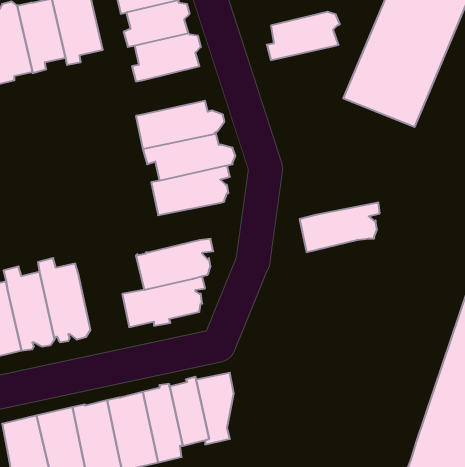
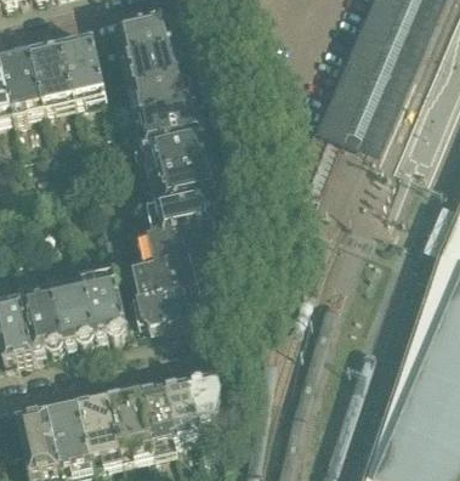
building: [267,12,340,60] -> [138,101,203,143]
building: [300,202,380,252] -> [141,221,211,265]
building: none -> [81,264,130,338]

